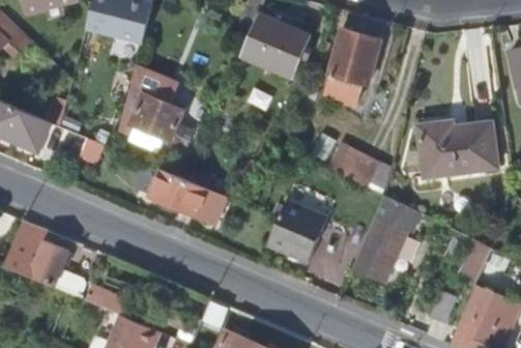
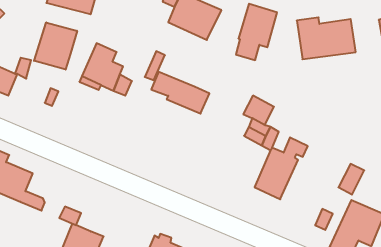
building: none -> [34,22,77,70]
building: [422,124,497,178] -> [297,17,356,59]
building: [153,169,228,223] -> [151,72,209,114]
building: [267,201,325,260] -> none

